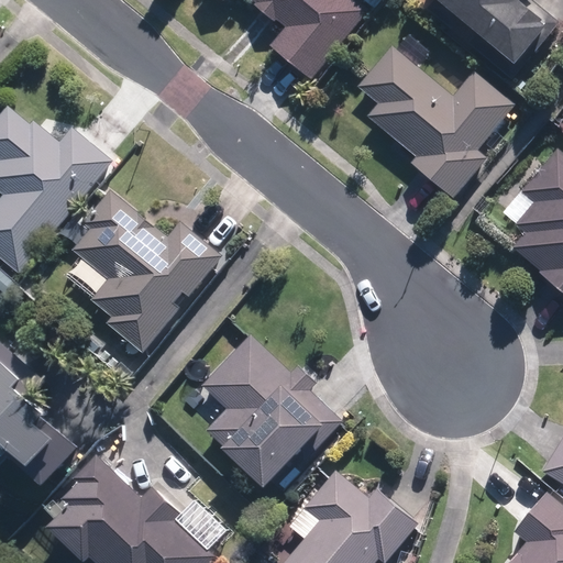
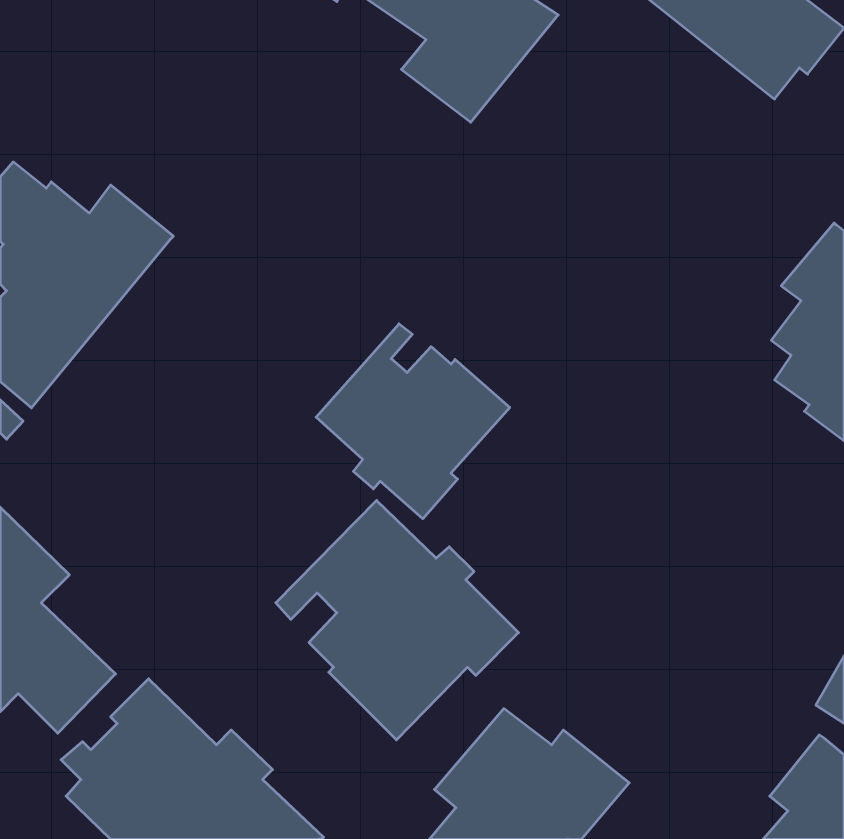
building: [357,45,515,202] -> none
building: [68,189,224,355] -> none
building: none -> [316,324,510,519]

